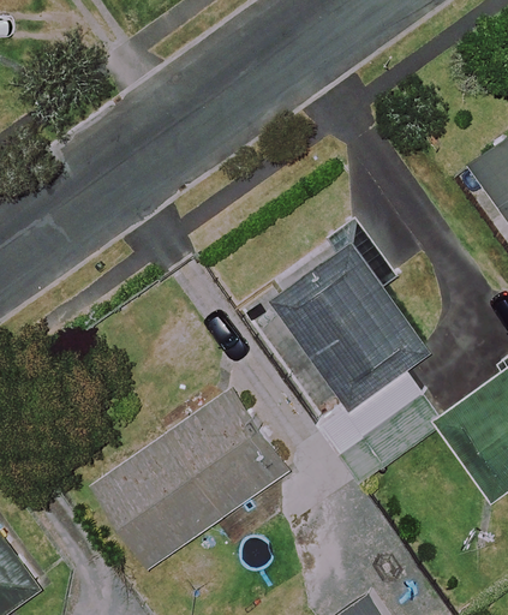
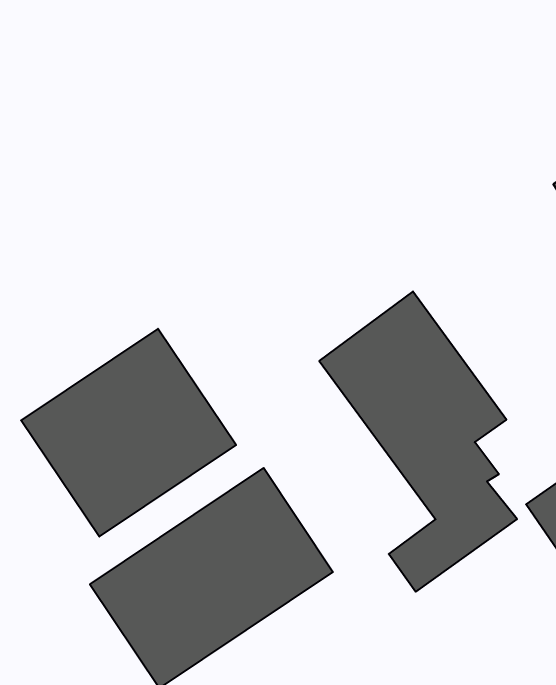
building: none -> [21,329,236,537]

